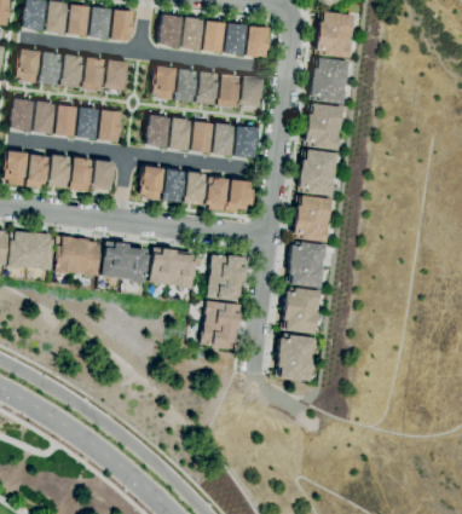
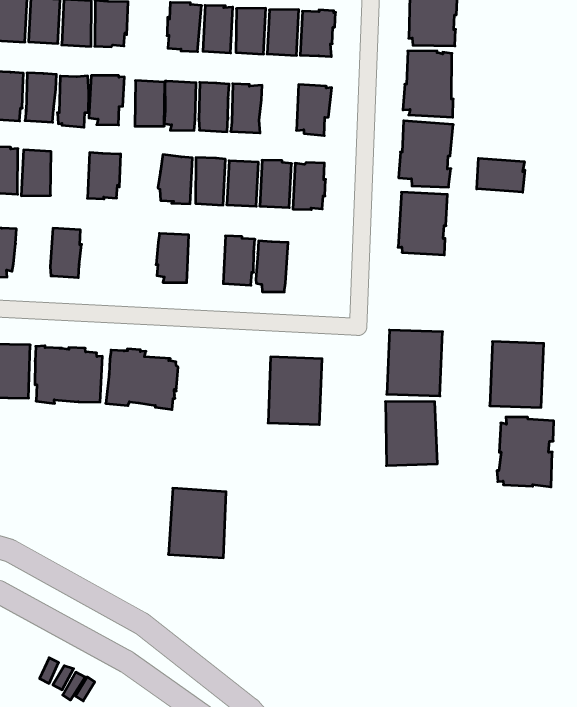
building: [218,74,241,110] -> none
building: [76,108,98,139] -> [135,81,165,126]
building: none -> [477,158,525,192]
building: [48,155,71,189] -> none
building: [91,160,116,194] -> none
building: [162,169,185,203] -> none
building: [226,180,255,213] -> none
building: [293,196,331,242] -> [490,342,544,407]
building: [149,249,196,288] -> none
building: [200,301,241,350] -> [168,488,226,558]
building: [276,334,316,382] -> [497,417,554,487]

